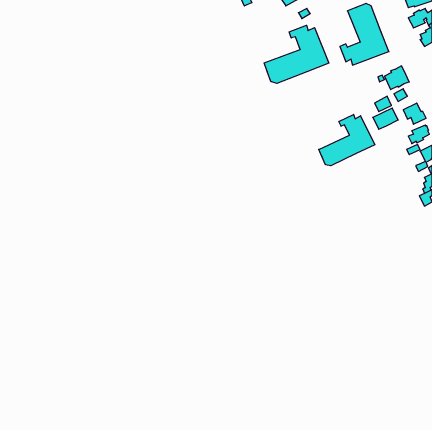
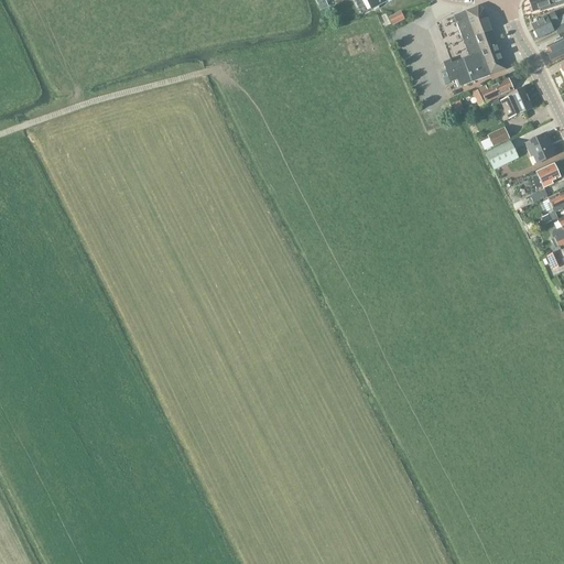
building: [264,25,329,83] -> none
building: none -> [479,76,514,101]
building: [319,114,375,166] -> none

